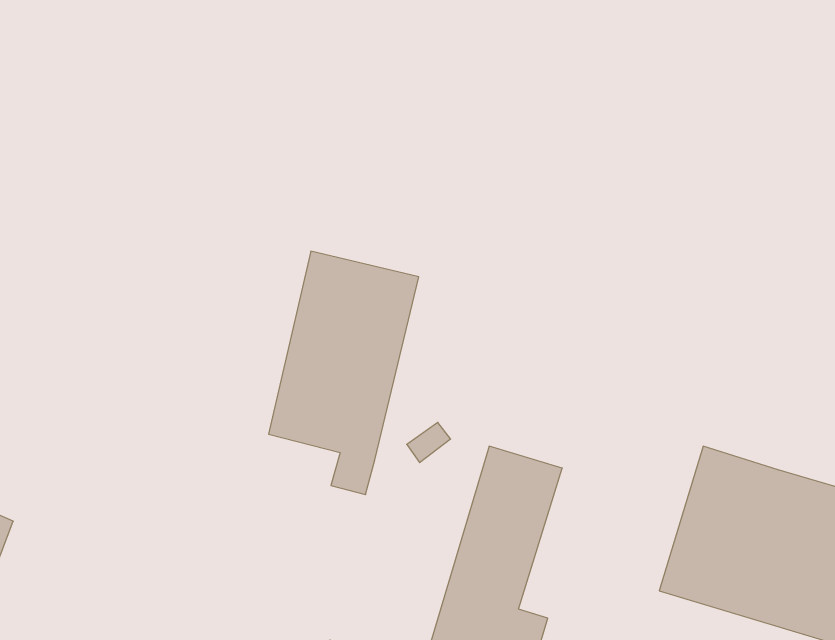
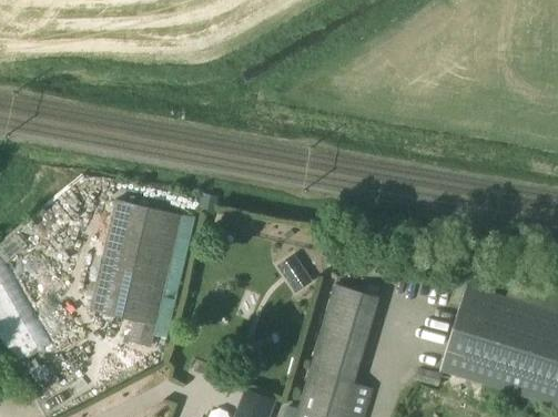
building: [269,251,419,495] -> [90,199,181,346]

